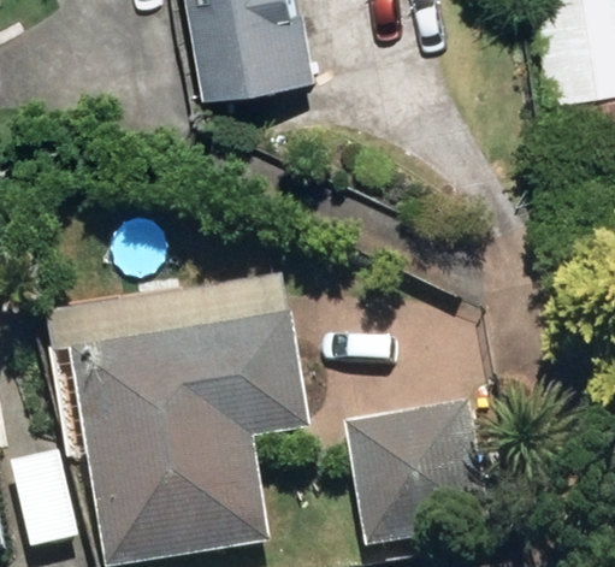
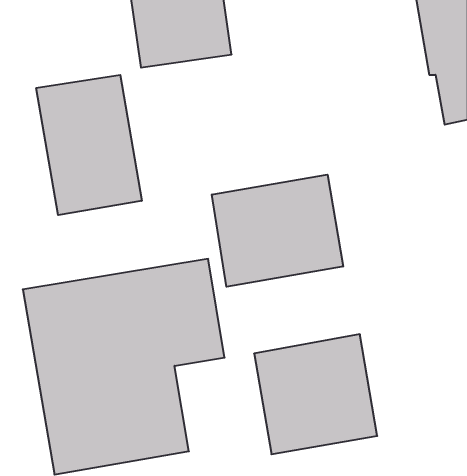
building: none -> [36,75,142,215]
building: none -> [212,175,343,287]

